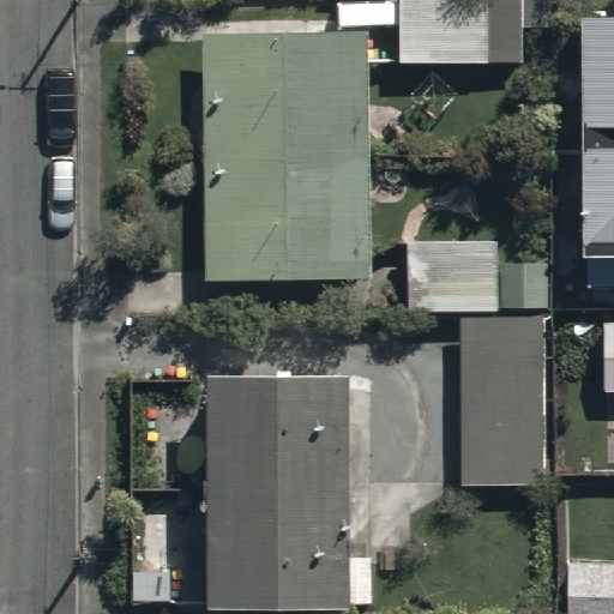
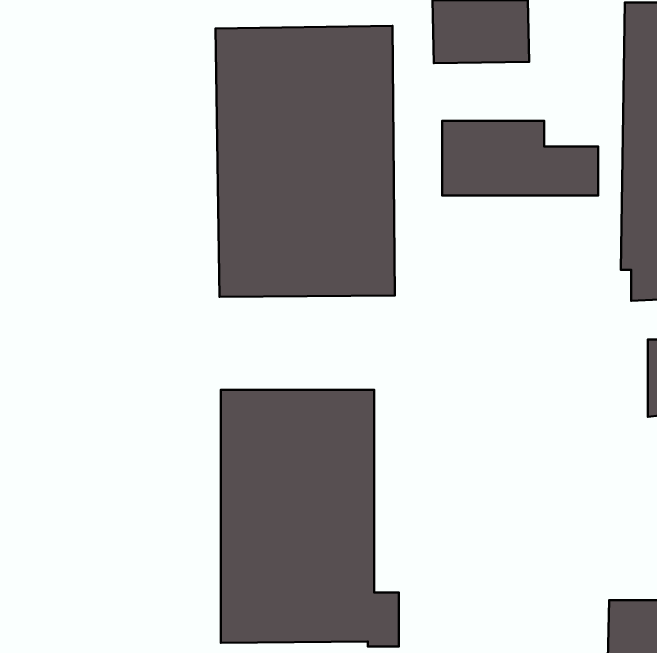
building: [404,241,549,311] -> [442,121,598,196]
building: [460,317,547,490] -> none

